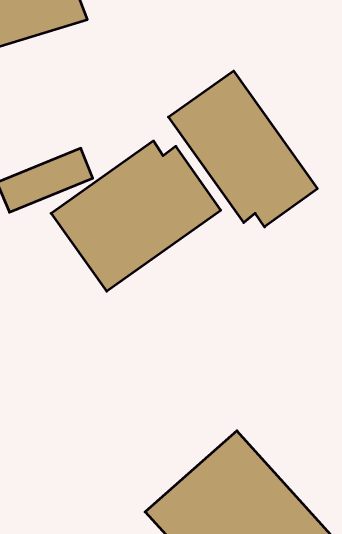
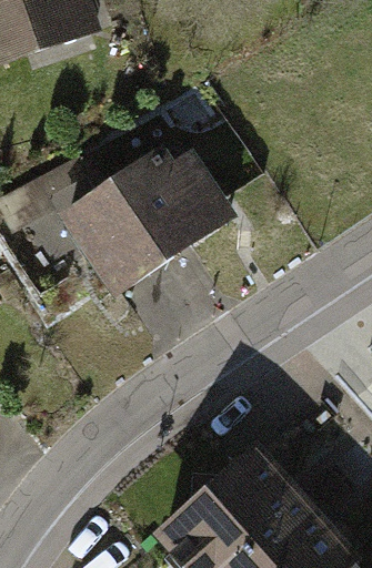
building: [168,71,317,227] -> none

